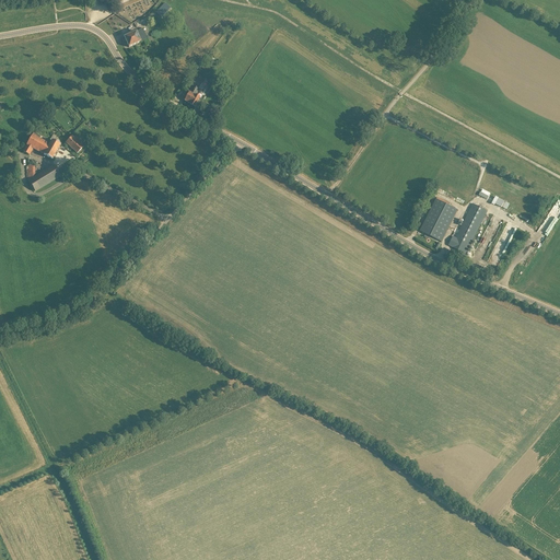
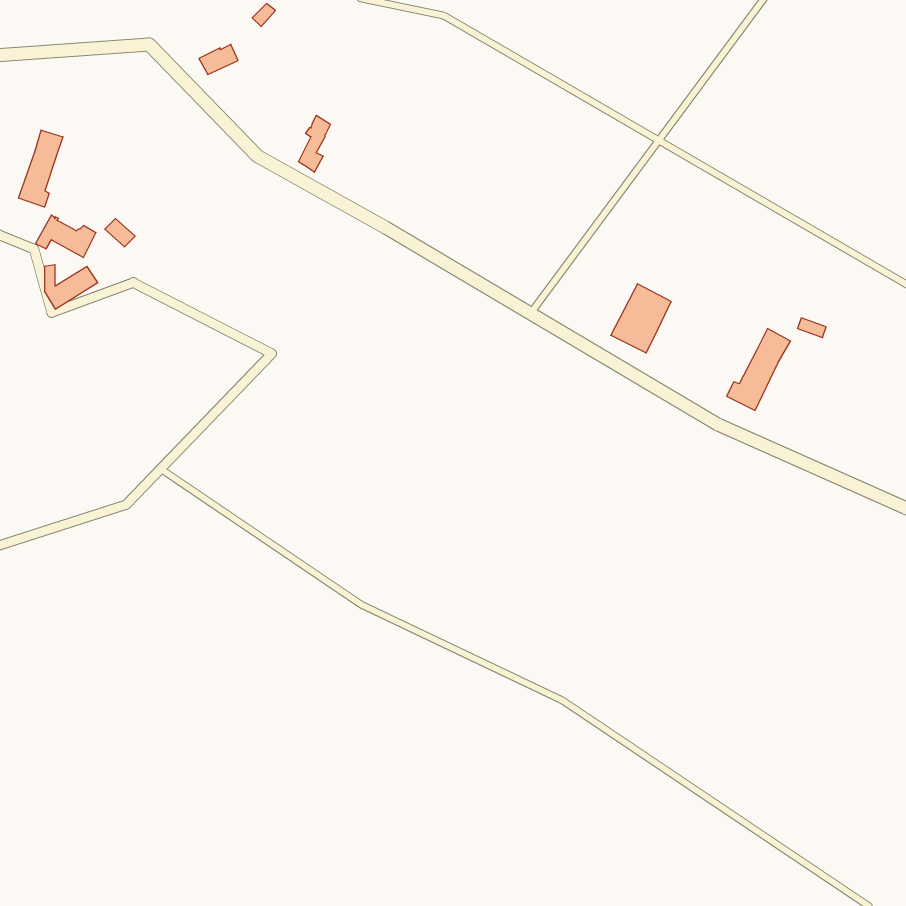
building: none -> [18,130,63,207]
building: [419,198,456,241] -> [611,284,671,353]

